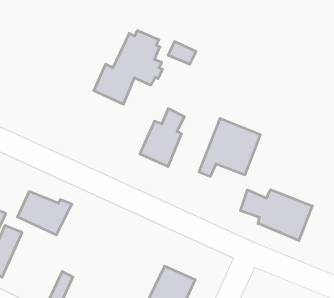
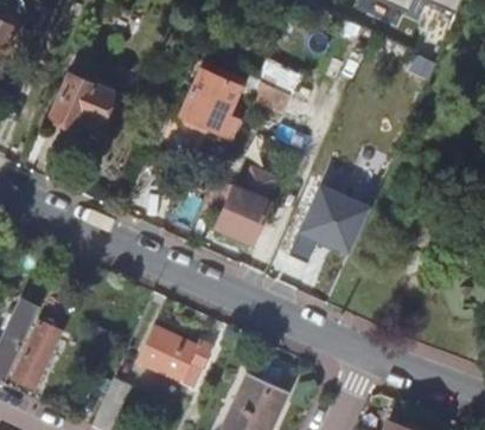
building: none -> [52,73,114,133]
building: [240,190,312,241] -> none
building: [17,191,72,235] -> [139,326,210,383]

